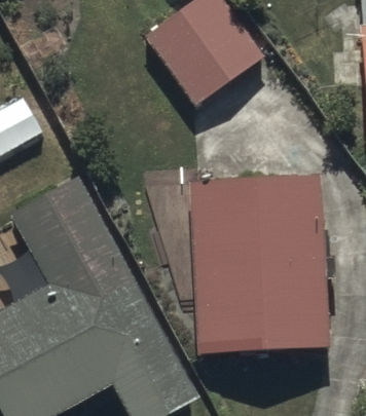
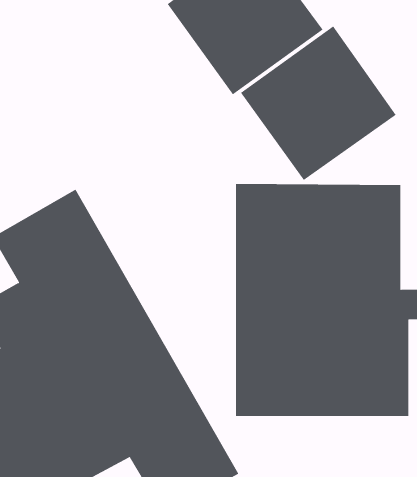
building: none -> [240,25,396,181]

